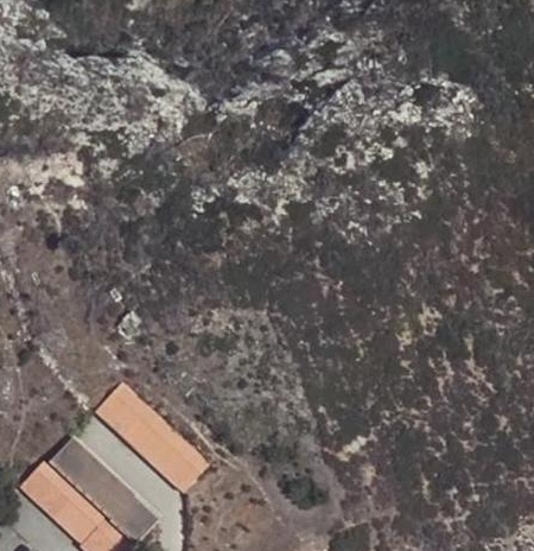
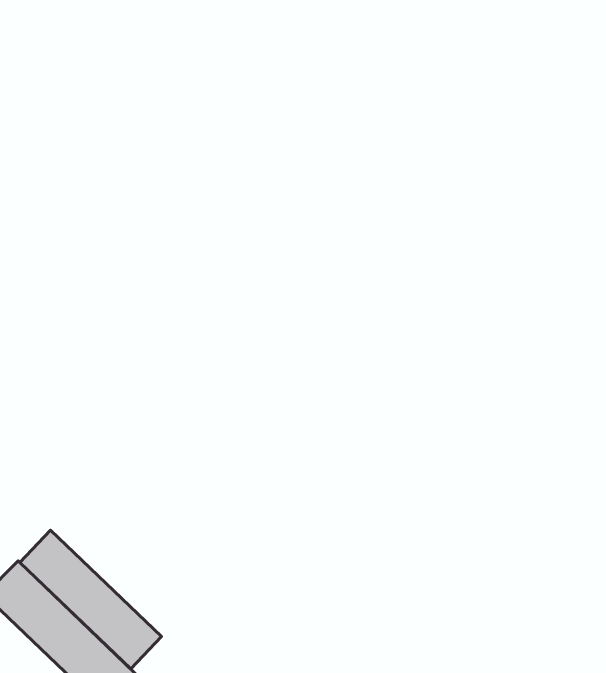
building: [95,382,208,493] -> none

